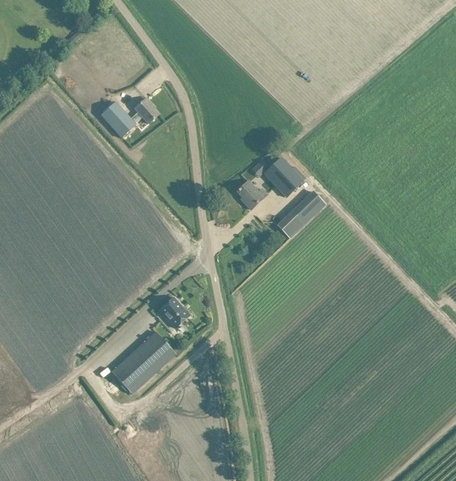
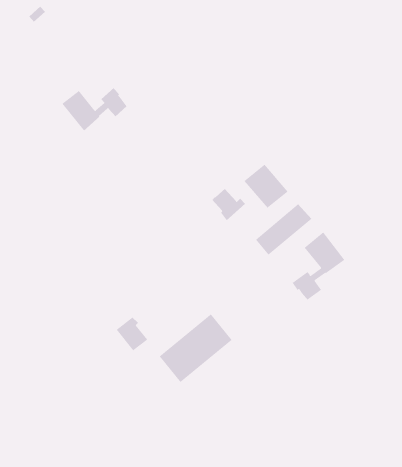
building: none -> [292,232,345,300]
building: [111,331,175,393] -> [159,314,233,383]

